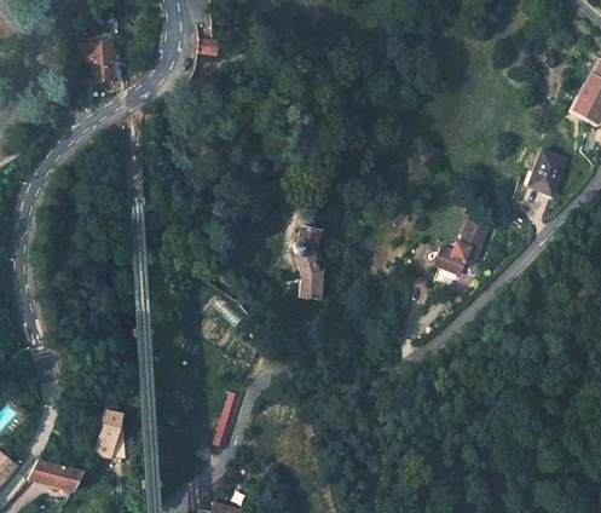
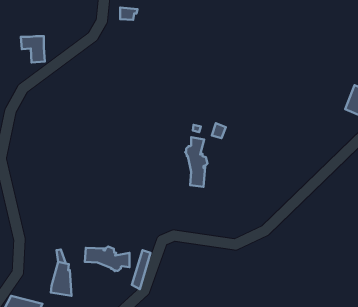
building: [77,42,112,81] -> [21,36,45,62]
building: [432,224,487,279] -> none
building: none -> [85,246,130,271]

